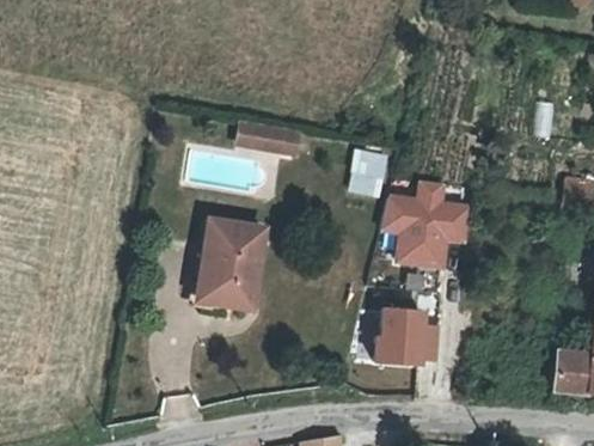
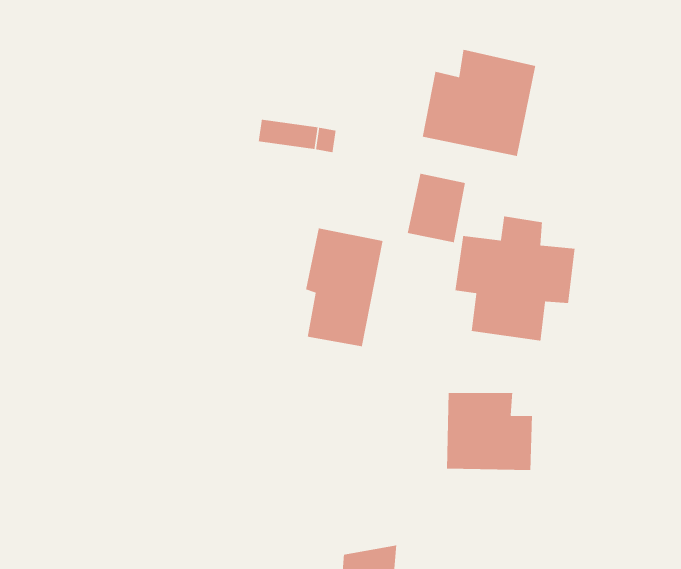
building: none -> [422,49,536,157]
building: [202,214,259,301] -> [305,228,384,347]

